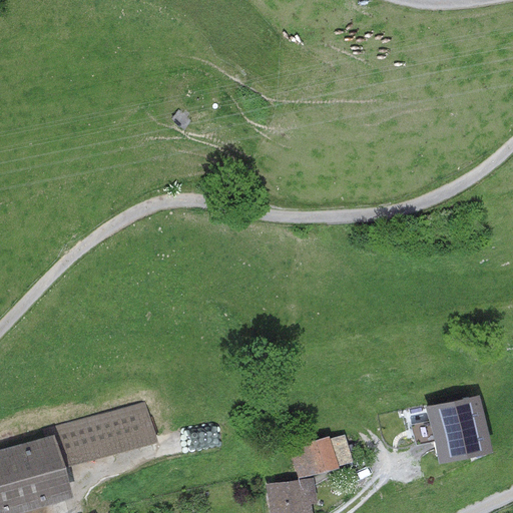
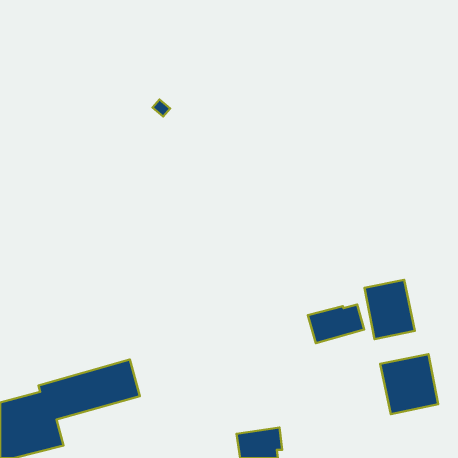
building: none -> [364,280,415,339]
building: [289,435,352,478] -> [308,304,364,343]

